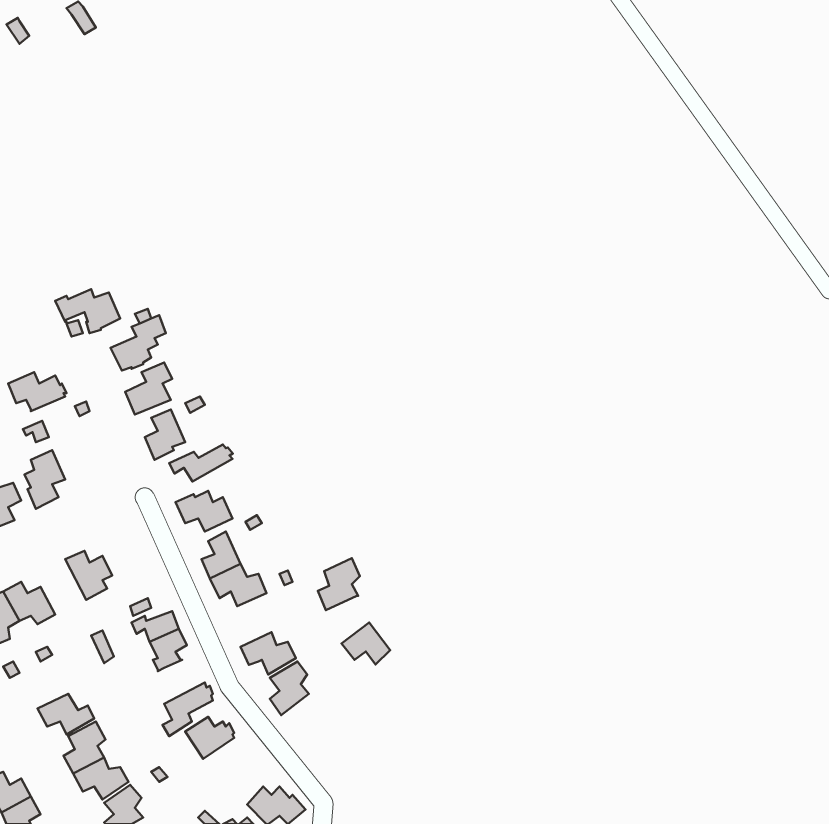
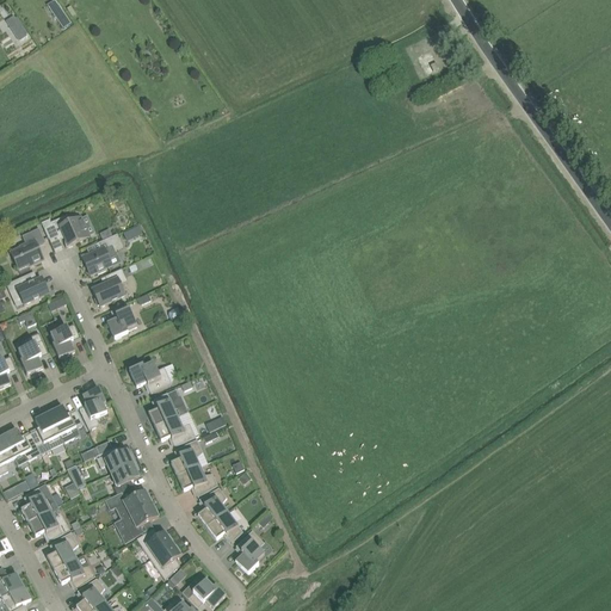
building: none -> [11,227,44,266]
building: none -> [50,321,80,357]
building: [169,445,233,482] -> none
building: none -> [79,387,106,427]
building: [318,558,360,610] -> [171,437,202,475]
building: none -> [30,411,63,451]
building: [341,622,390,665] -> [206,510,242,541]
building: none -> [20,482,57,520]
building: none -> [104,489,150,517]
building: none -> [235,529,264,572]
building: none -> [149,542,180,578]

